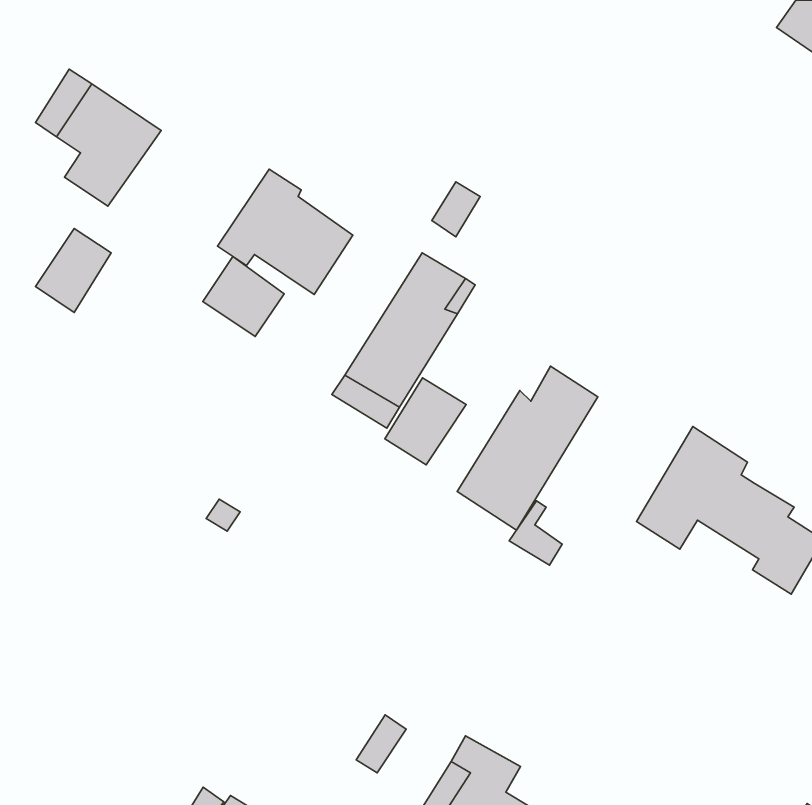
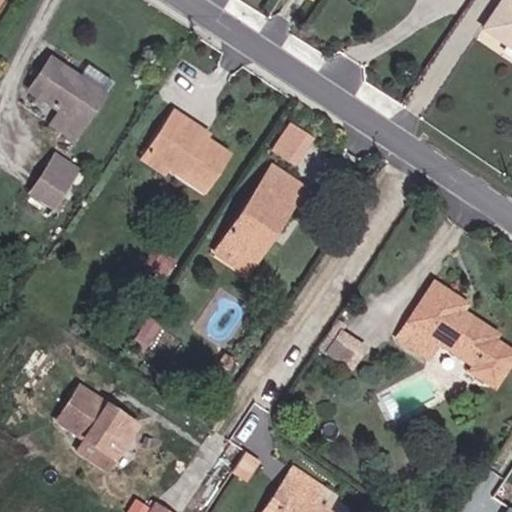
building: [203,257,284,336] -> none
building: [457,366,598,530] -> none
building: [385,378,466,465] -> none
building: none -> [62,395,139,480]

